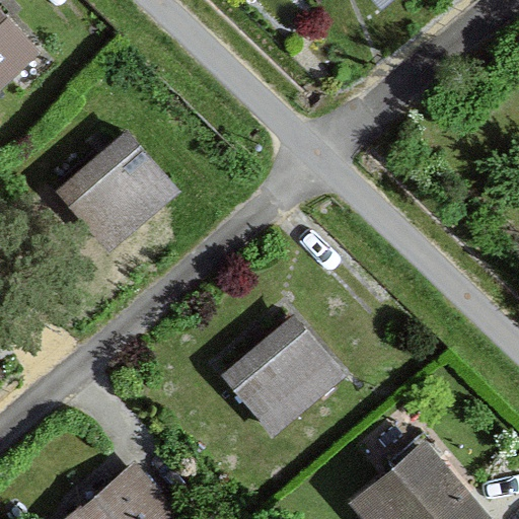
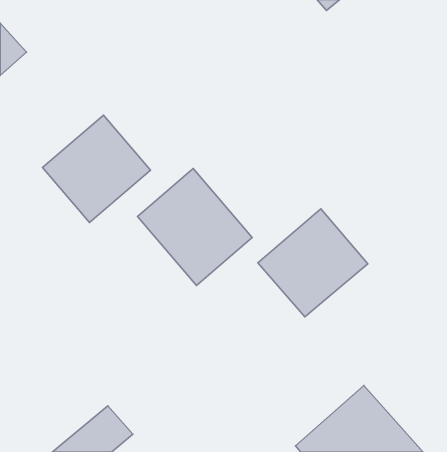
building: none -> [137,169,252,285]
building: [220,314,346,438] -> [258,209,368,317]

